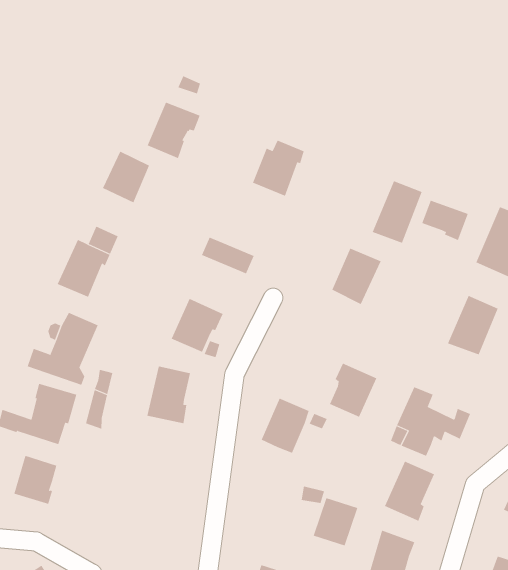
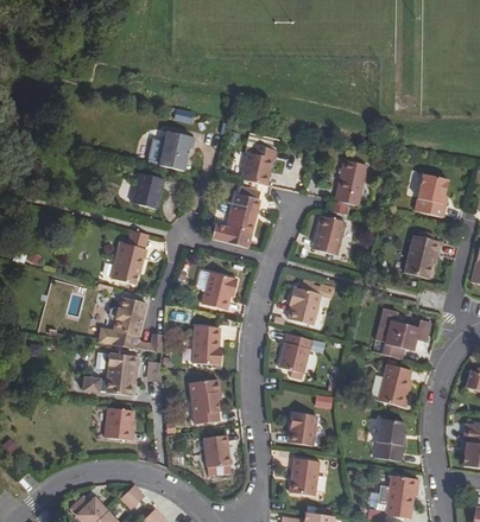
building: none -> [227,185,259,233]
building: [422,200,469,241] -> none
building: [329,363,377,417] -> [289,287,321,325]
building: none -> [189,378,220,424]
building: [313,497,358,546] -> [288,412,317,445]
building: none -> [204,434,229,466]

